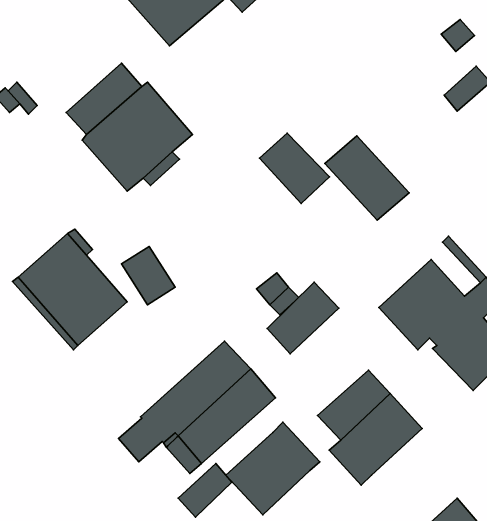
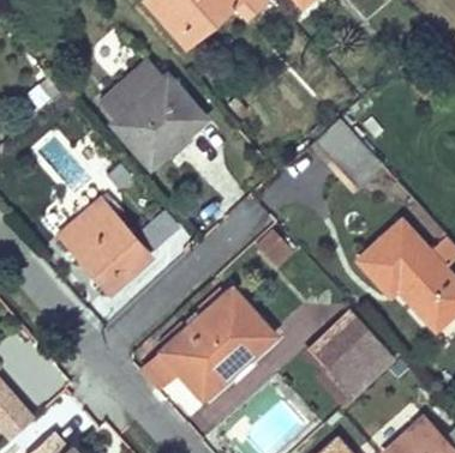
building: [259,133,330,204] -> none
building: [267,282,339,354] -> none
building: [226,422,320,515] -> none

